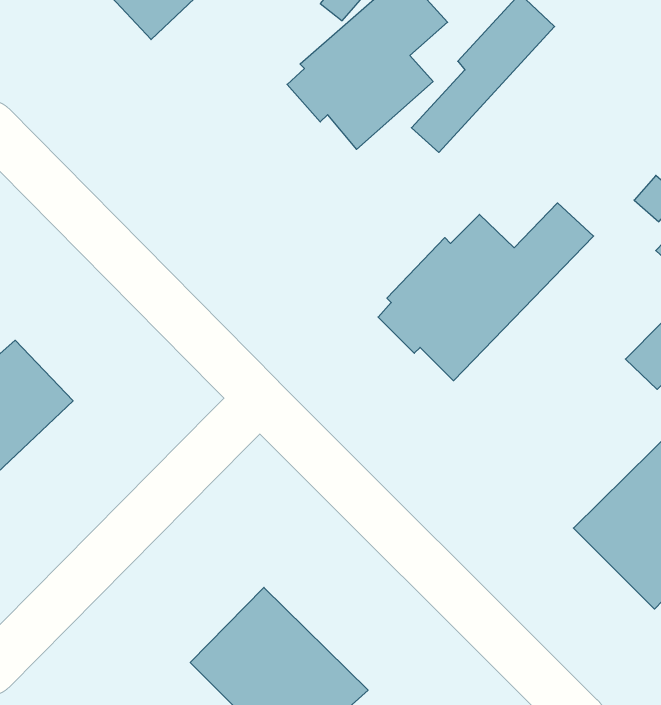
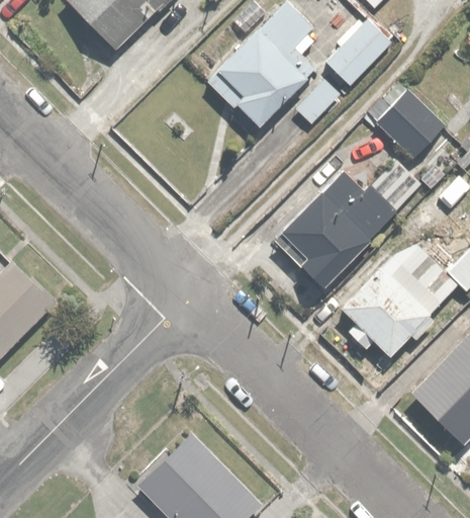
building: none -> [373,89,447,162]
building: none -> [342,241,456,356]

